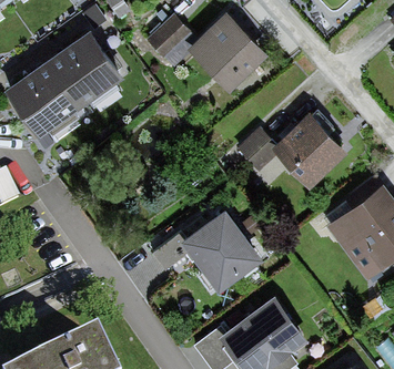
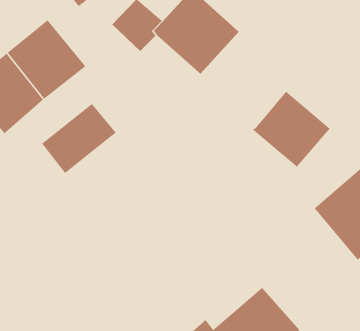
building: none -> [41,103,117,174]
building: [238,126,280,171] -> none
building: [152,209,262,293] -> none

